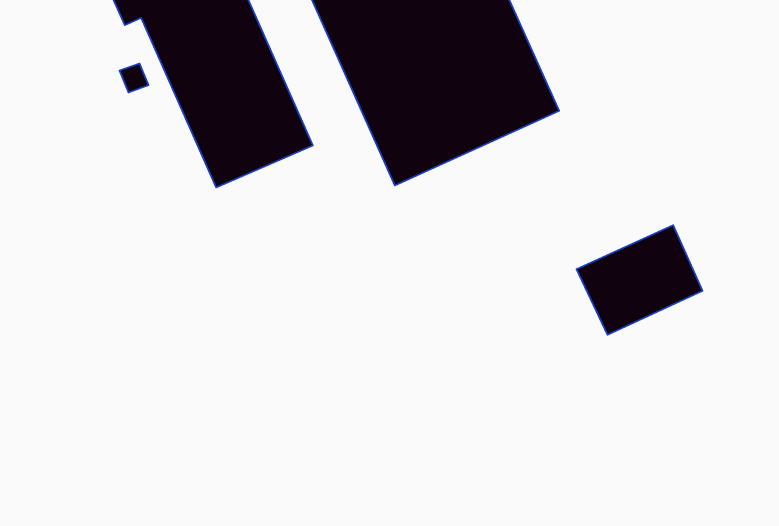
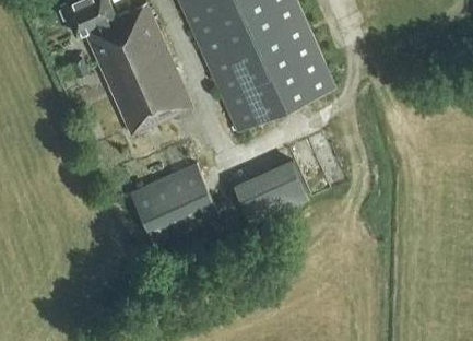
building: [576,225,702,335] -> [234,161,309,226]
building: none -> [131,165,220,246]

